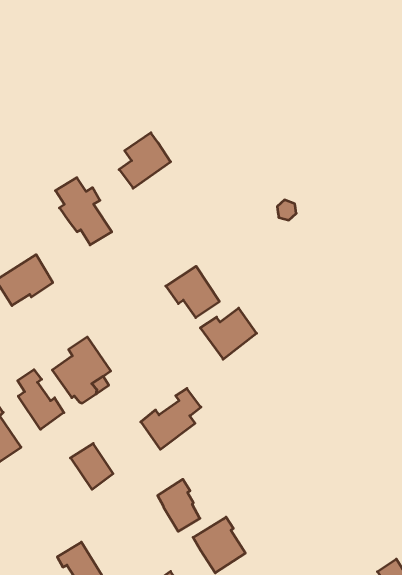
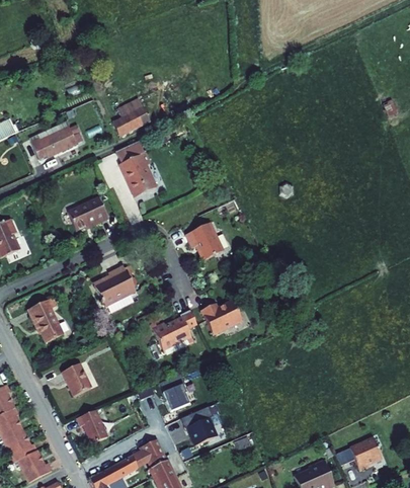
building: [119,133,171,188] -> [109,99,148,138]
building: [200,308,257,359] -> [204,299,245,334]
building: [18,370,64,429] -> none
building: [70,443,113,489] -> [62,361,91,395]

